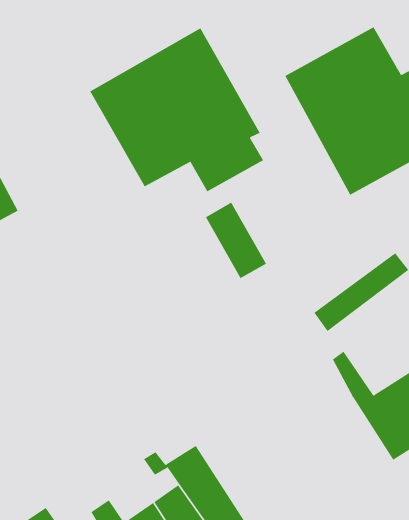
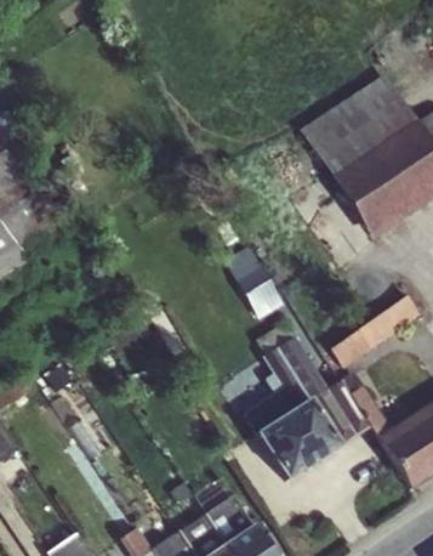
building: [90,27,264,192] -> none
building: none -> [241,337,370,484]

